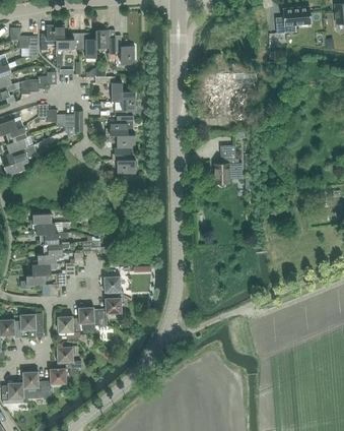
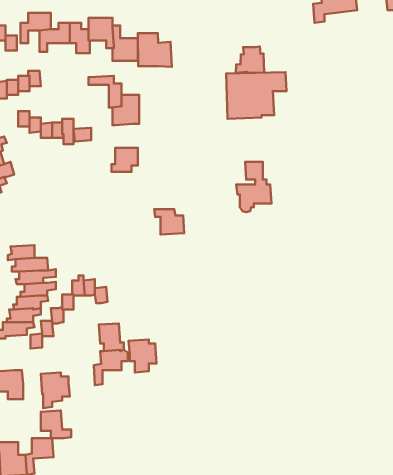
building: none -> [138,33,172,67]
building: none -> [236,47,264,73]
building: [110,115,133,135] -> none
building: [112,153,136,174] -> [154,209,184,235]
building: [78,306,100,332] -> [129,340,156,372]

